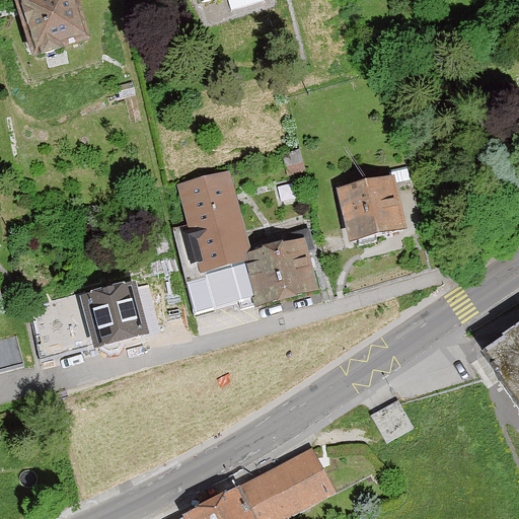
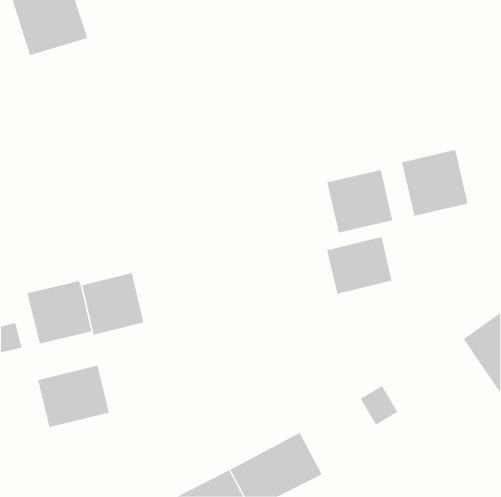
building: none -> [402,149,468,217]
building: [173,169,318,311] -> none
building: none -> [327,236,392,295]
building: none -> [37,365,109,428]

